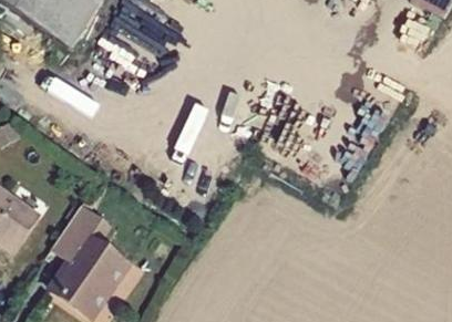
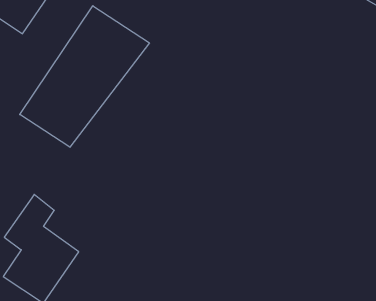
building: none -> [20,6,149,147]

